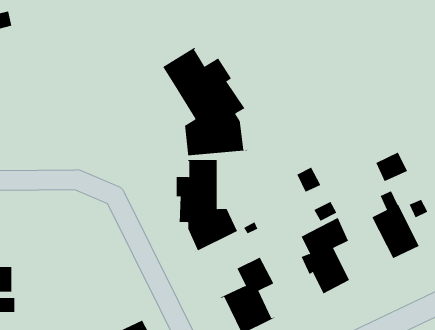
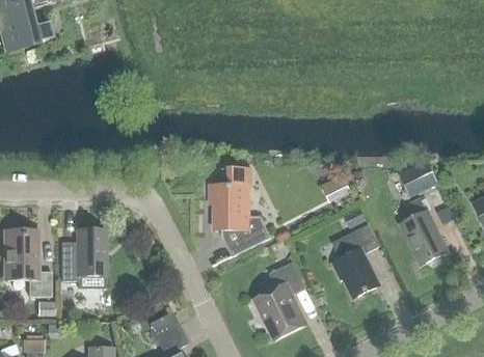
building: [162,47,248,156] -> none
building: none -> [60,232,105,287]

